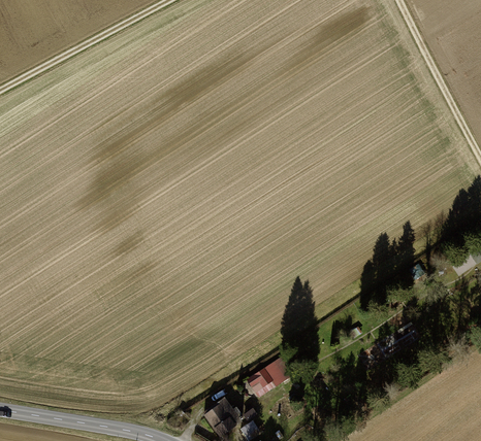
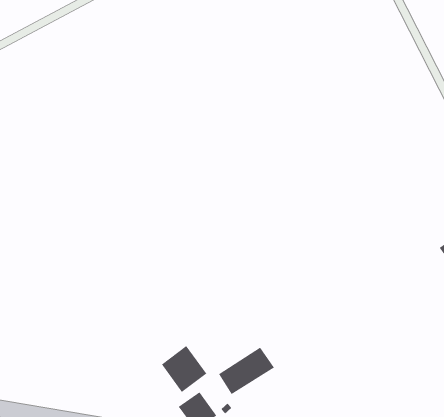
building: none -> [161,345,207,393]

